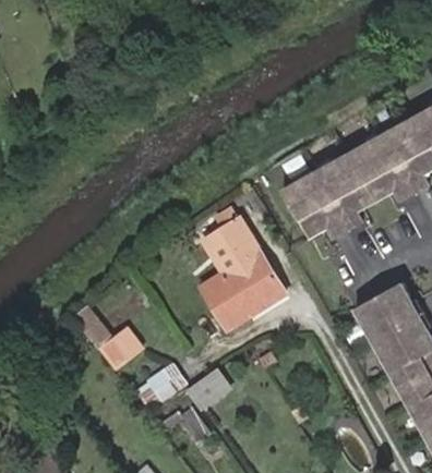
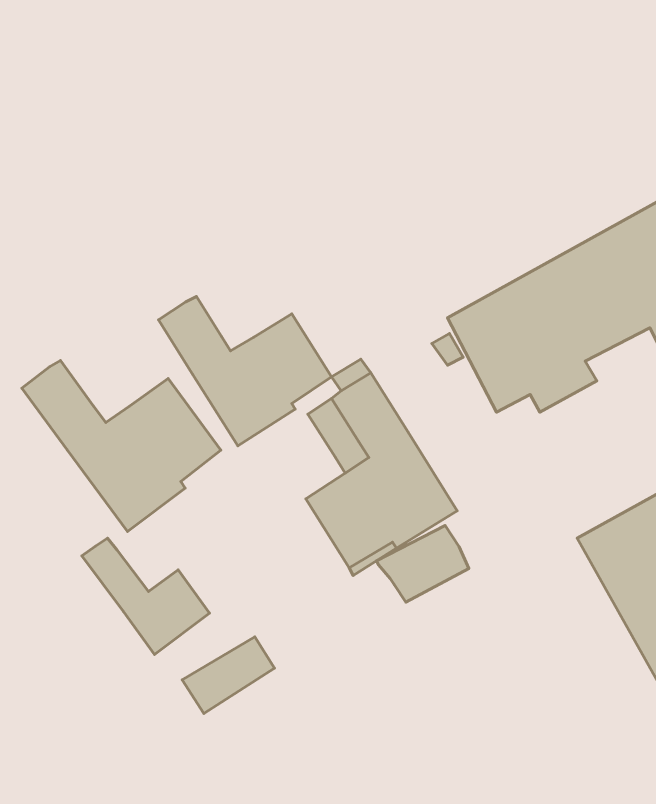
building: none -> [159,297,331,446]
building: none -> [22,361,221,532]
building: [184,369,236,412] -> [376,525,469,602]

